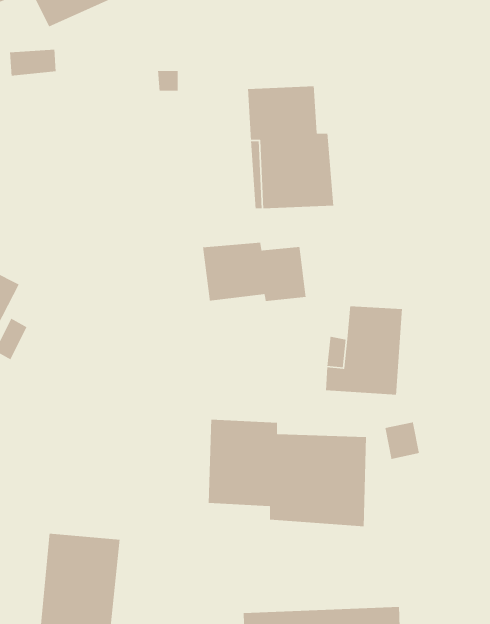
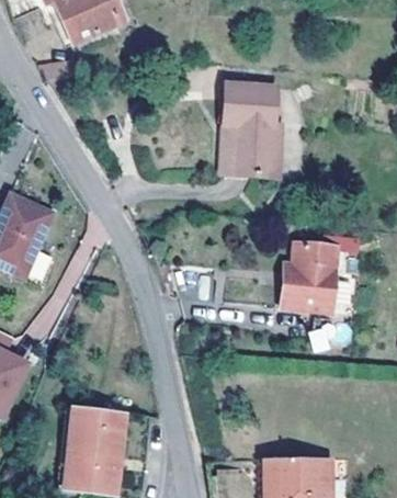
building: [202,242,306,302] -> none
building: [208,419,367,527] -> none

